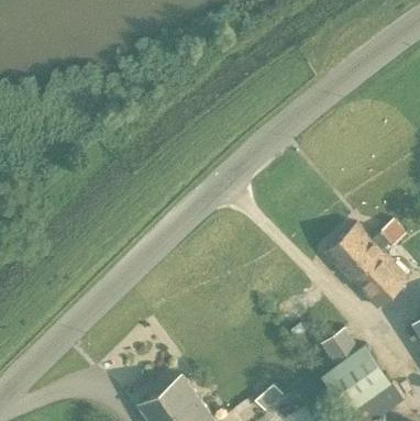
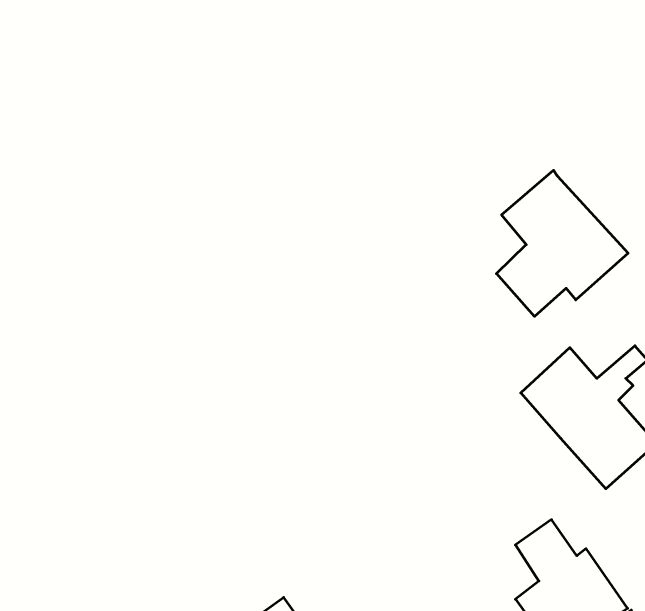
building: none -> [496,170,628,316]

